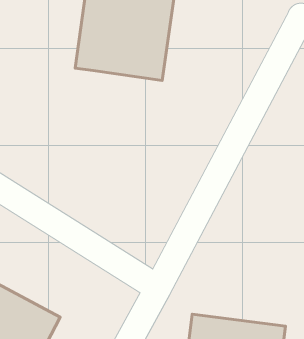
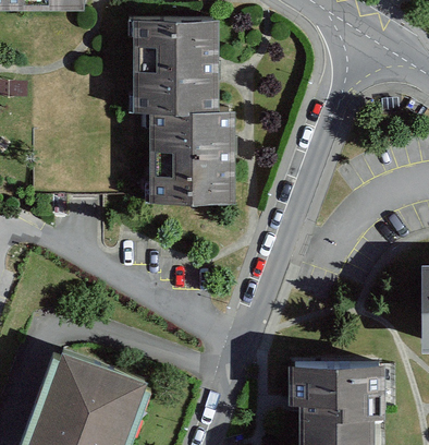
building: none -> [148,115,232,201]

